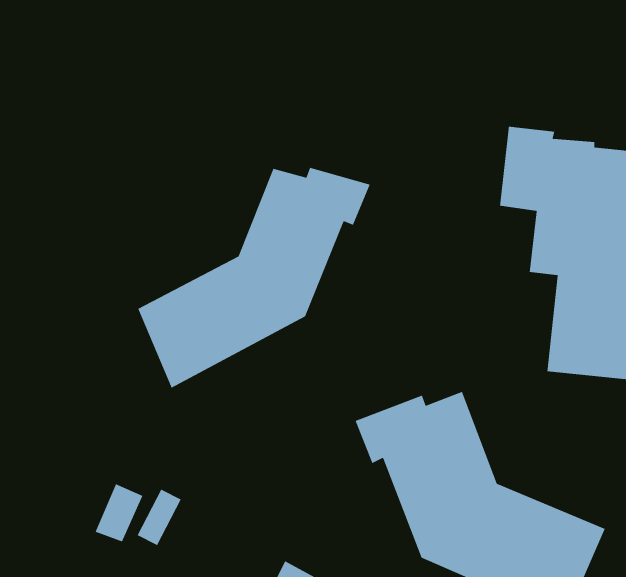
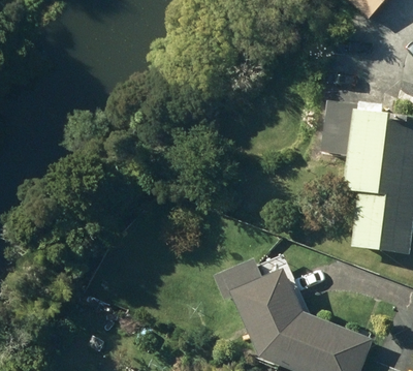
building: [137,167,371,389] -> none

